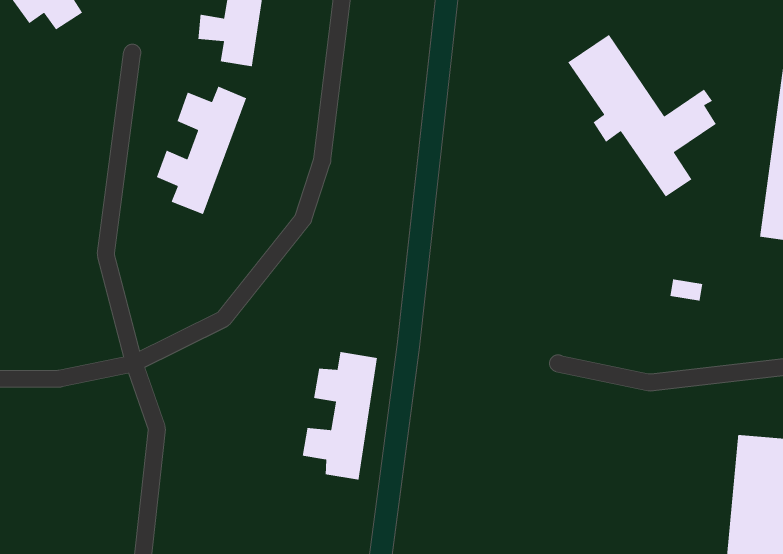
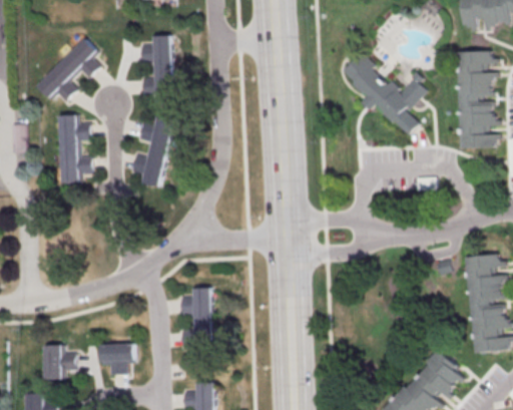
building: none -> [57,114,90,183]
building: [302,351,378,481] -> [180,287,213,355]
building: none -> [100,343,134,374]

